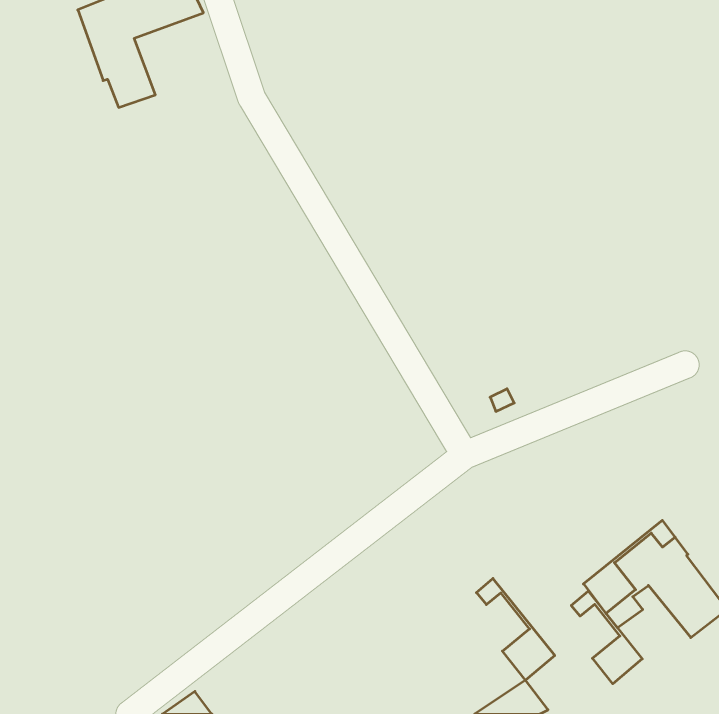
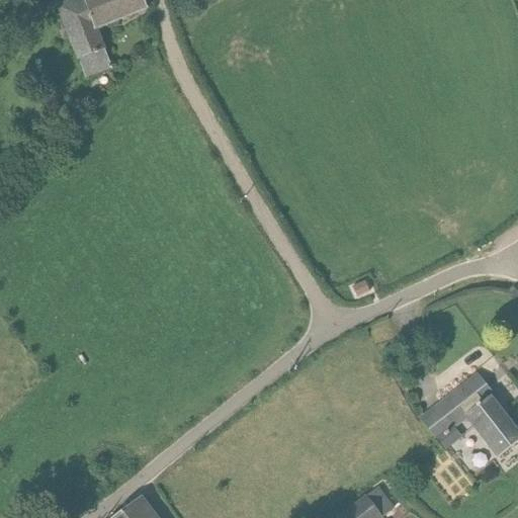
building: [476,578,555,680] -> none
building: [571,591,642,684] -> none

